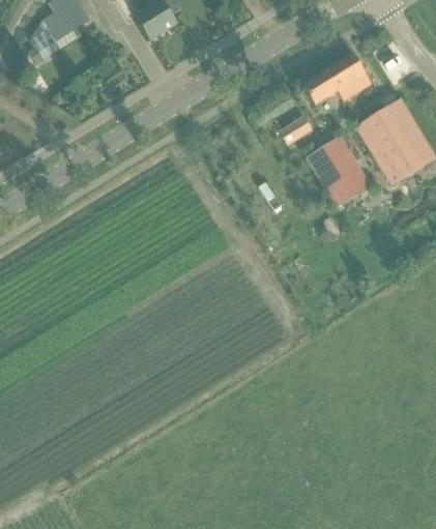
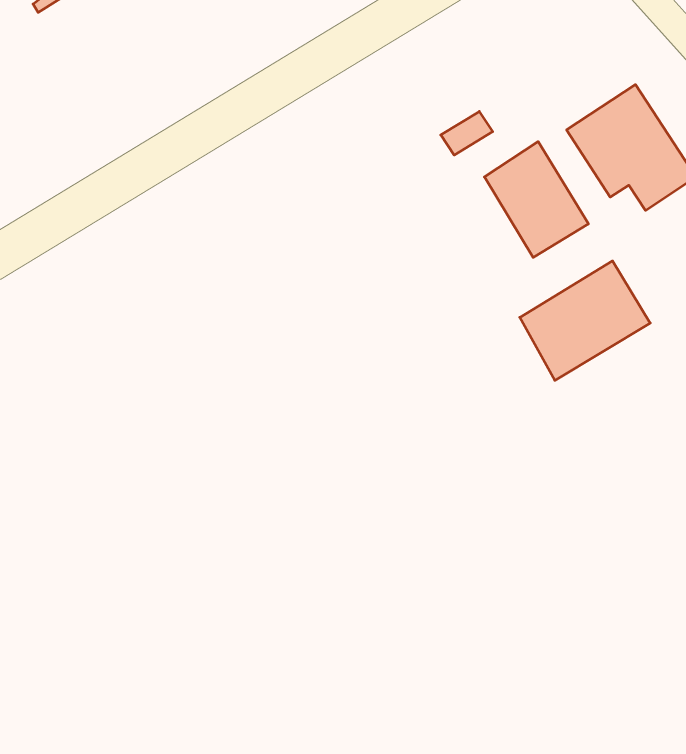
building: [303,52,371,102] -> none
building: none -> [520,261,650,380]

